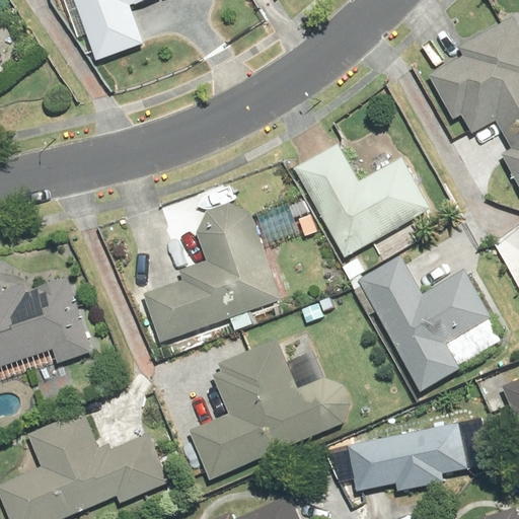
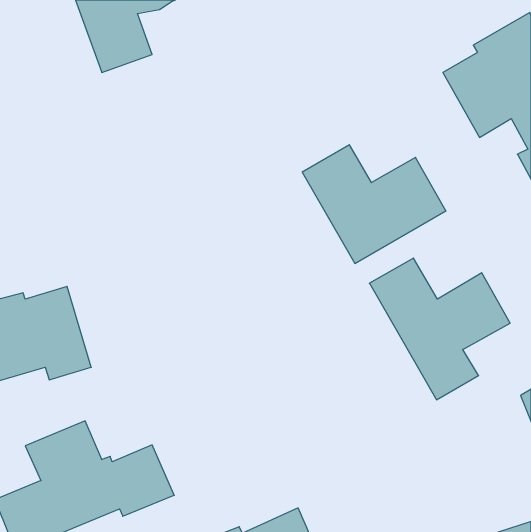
building: [142,202,281,341] -> none
building: [189,339,352,480] -> none
building: [348,425,466,492] -> none

